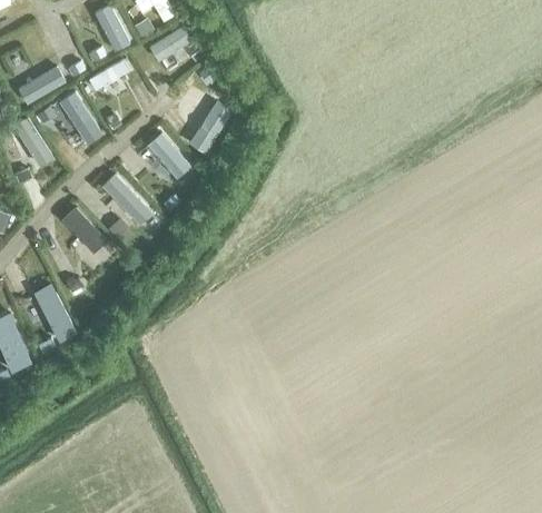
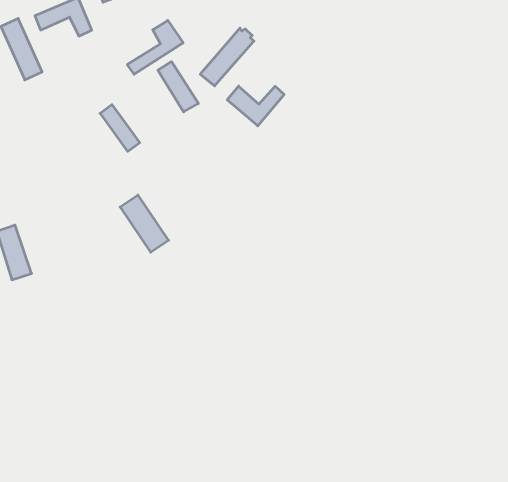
building: none -> [127,20,183,74]
building: none -> [227,86,284,126]
building: [62,209,107,255] -> [120,195,169,252]

